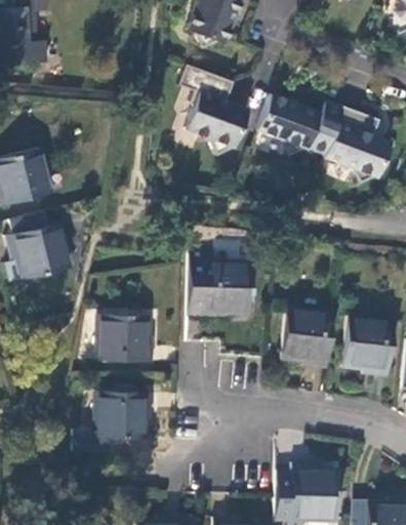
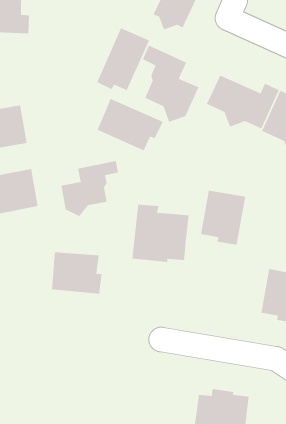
building: none -> [96,27,150,91]
building: none -> [97,98,164,152]
building: none -> [60,160,119,217]
building: [281,308,331,370] -> [200,190,246,245]
building: [93,392,152,438] -> none

